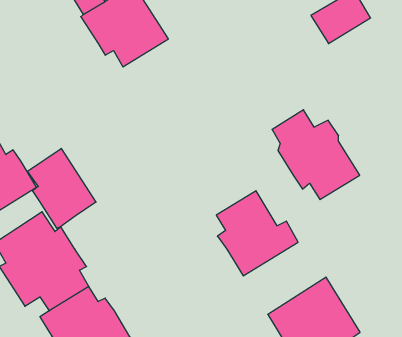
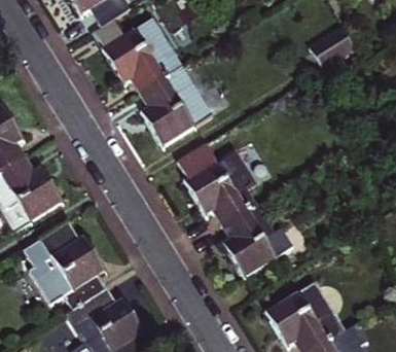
building: none -> [139,70,209,147]
building: [272,110,360,200] -> [179,146,256,225]
building: [28,148,96,228] -> none

